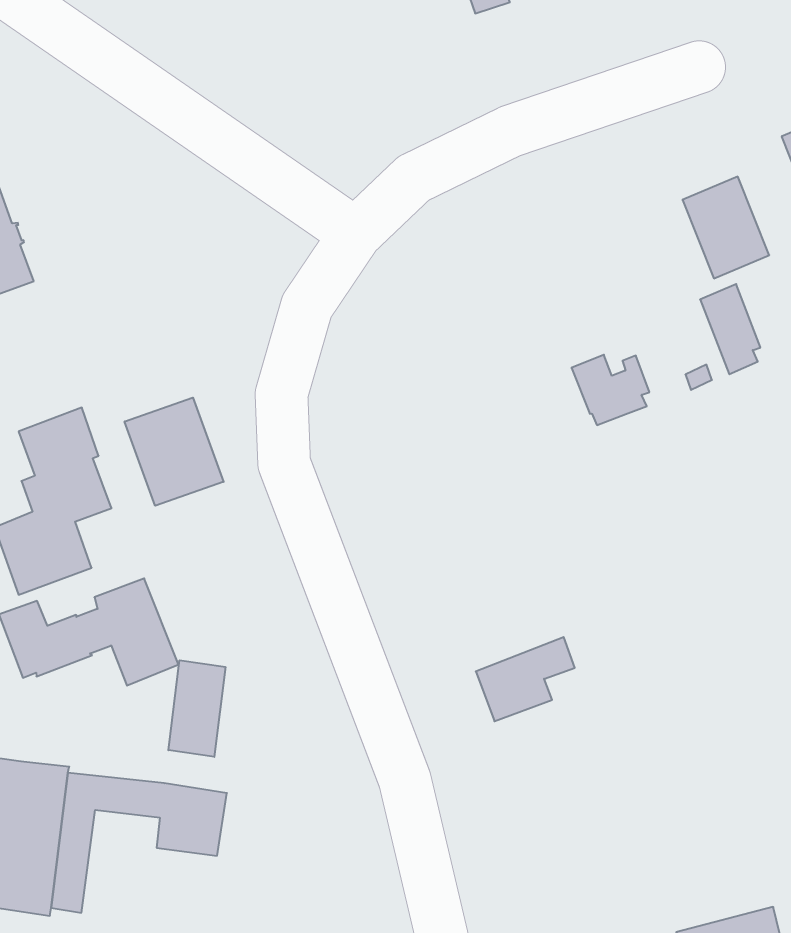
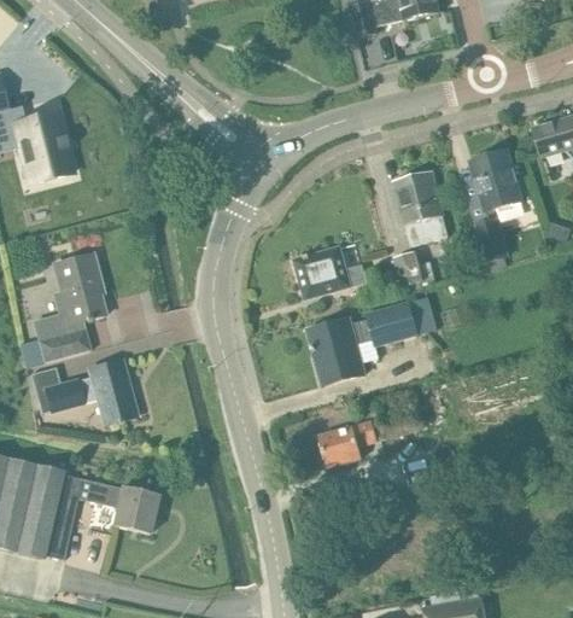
building: none -> [392,169,449,244]
building: none -> [294,246,366,297]
building: [125,398,224,506] -> none
building: none -> [306,297,434,385]
building: [168,660,225,757] -> none

